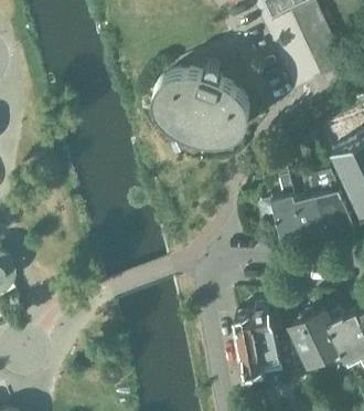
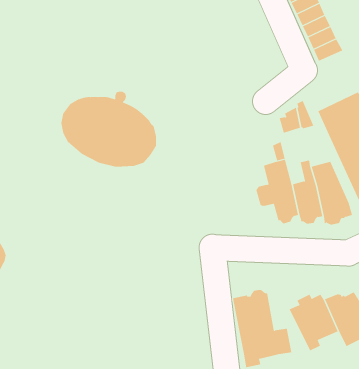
building: [153,72,249,148] -> [60,91,157,167]

